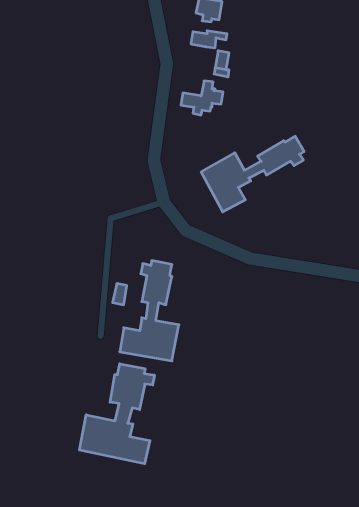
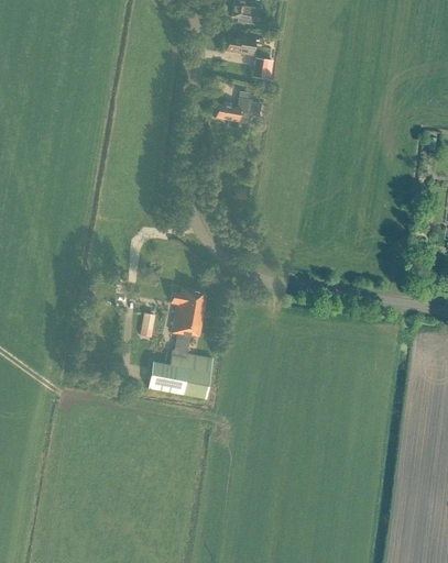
building: [201,136,304,212] -> none
building: [79,364,154,464] -> none

